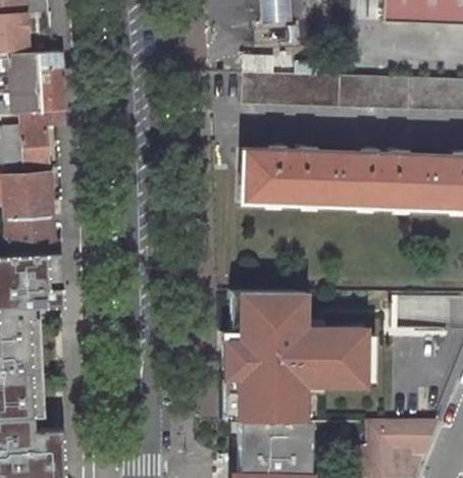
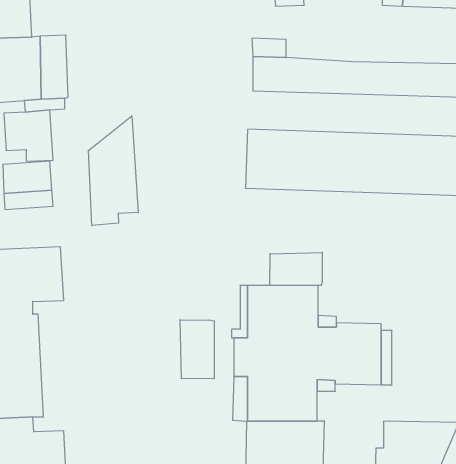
building: none -> [88,116,138,226]
building: [6,215,54,254] -> none
building: none -> [270,252,322,285]
building: none -> [180,320,214,379]

